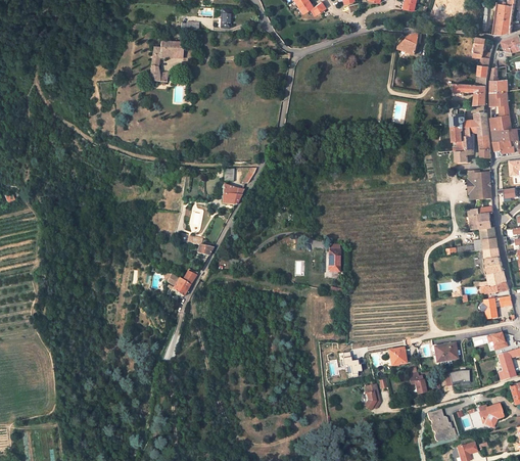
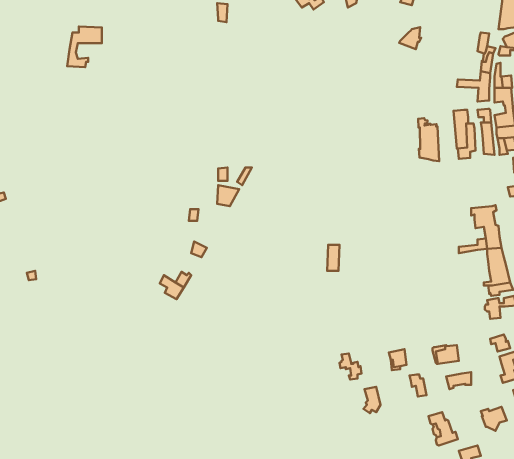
building: [149,42,183,82] -> [67,26,102,67]
building: none -> [418,118,439,161]
building: [468,172,492,197] -> none

